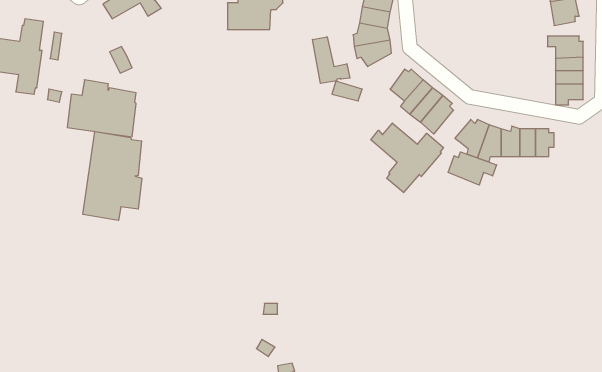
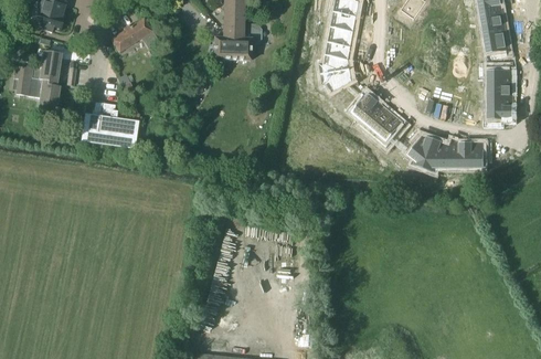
building: [312,37,350,83] -> none
building: [371,123,443,193] -> none
building: [83,131,142,220] -> none
building: [448,152,497,185] -> none

